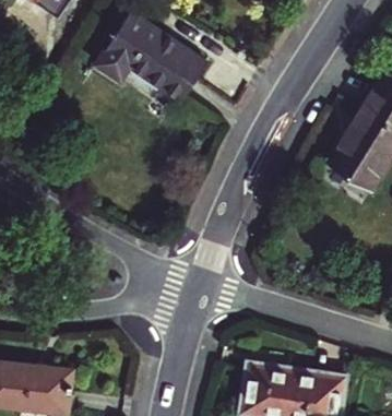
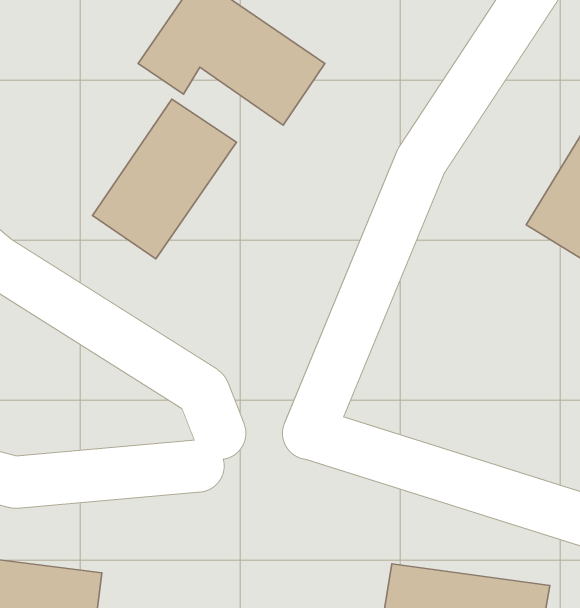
building: none -> [92,99,237,259]

